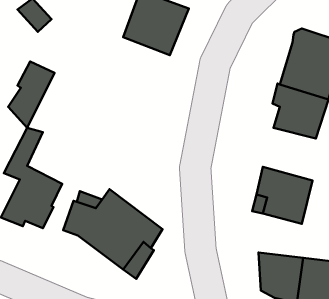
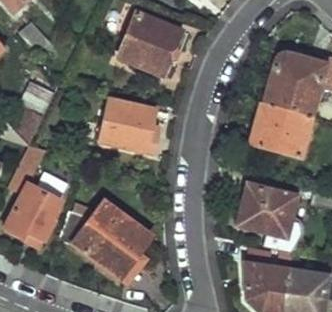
building: none -> [100,101,161,154]

